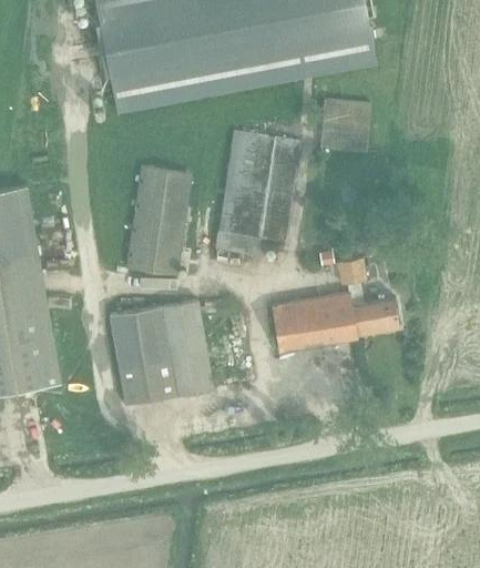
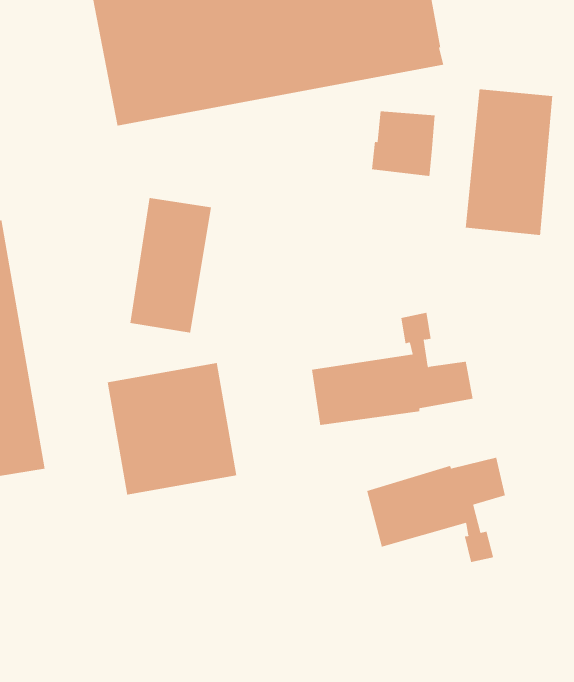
building: none -> [465,88,553,236]
building: [215,132,300,255] -> none
building: none -> [367,457,506,563]

